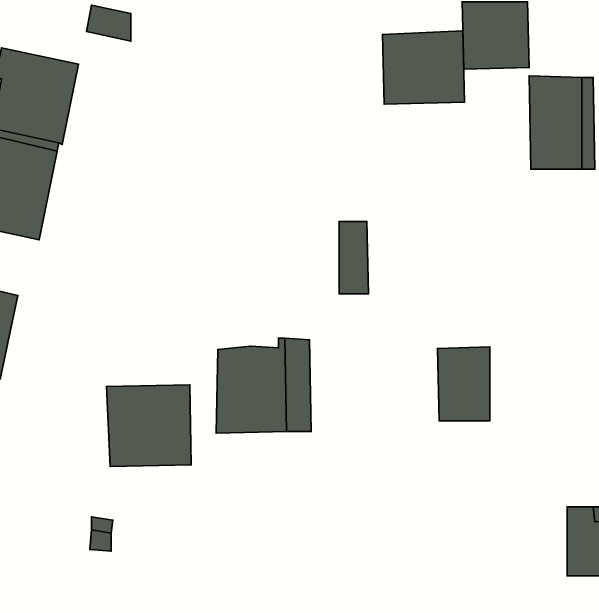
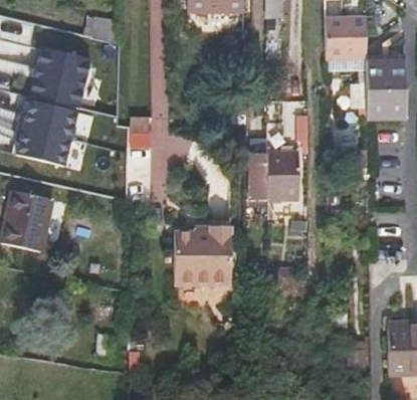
building: [382,31,465,104] -> none
building: [437,347,490,421] -> [266,154,298,199]
building: [107,385,191,466] -> none

